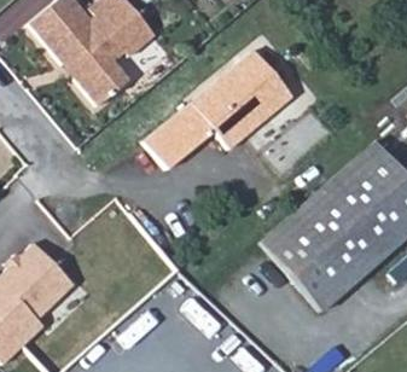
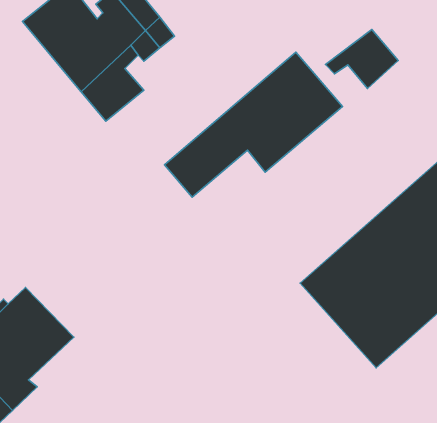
building: none -> [325,29,398,88]

